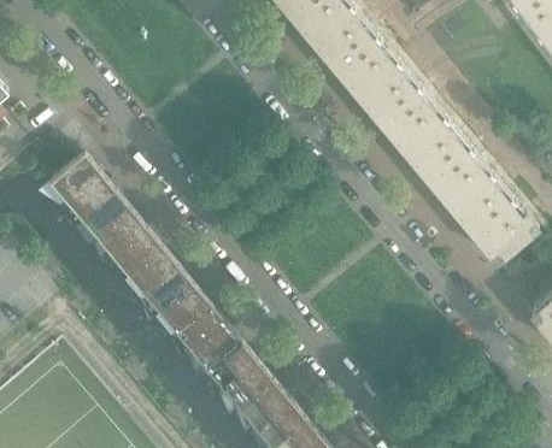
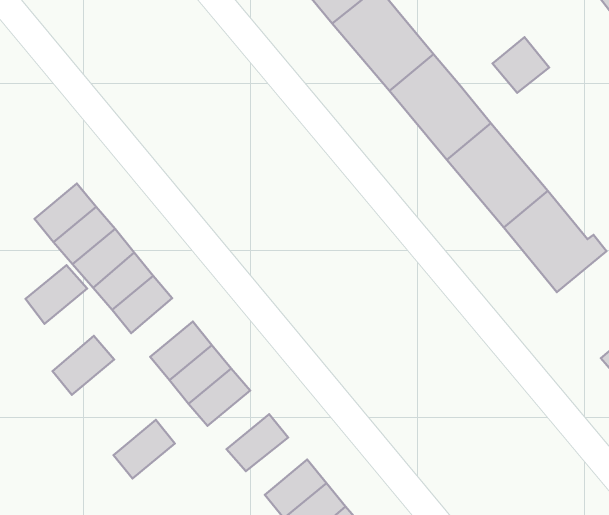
building: none -> [493,37,549,93]
building: [51,154,101,202] -> [26,265,87,324]
building: [146,267,196,316] -> [53,336,114,395]
building: [209,343,259,391] -> [113,420,175,479]
building: [240,382,290,429] -> none

